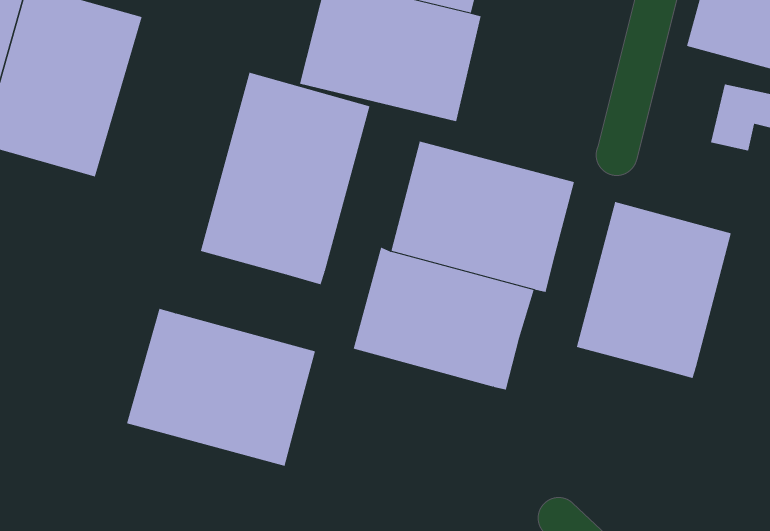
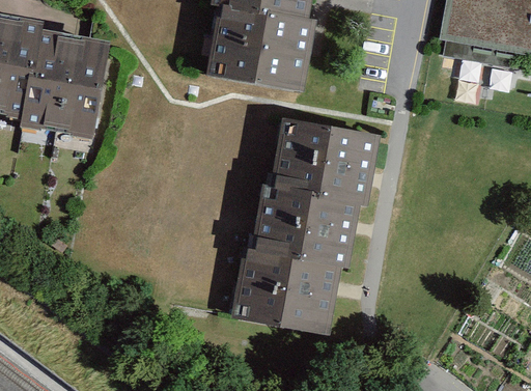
building: [200,72,370,285] -> none
building: [576,201,731,379] -> none
building: [126,308,316,467] -> [230,238,341,327]

